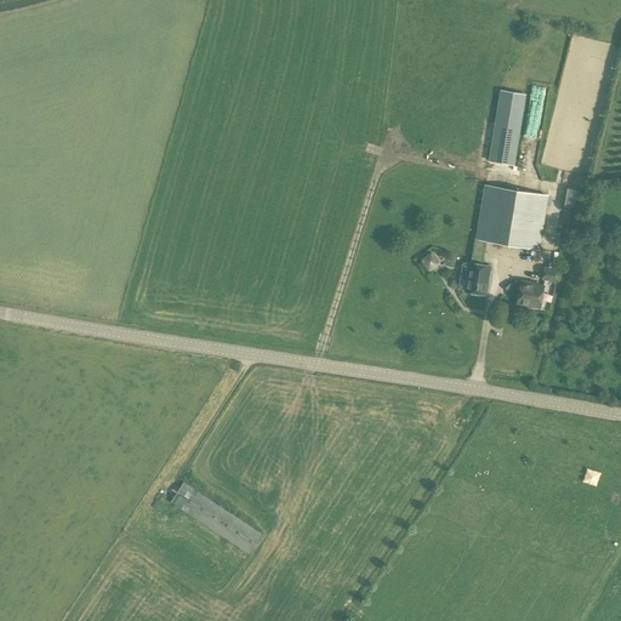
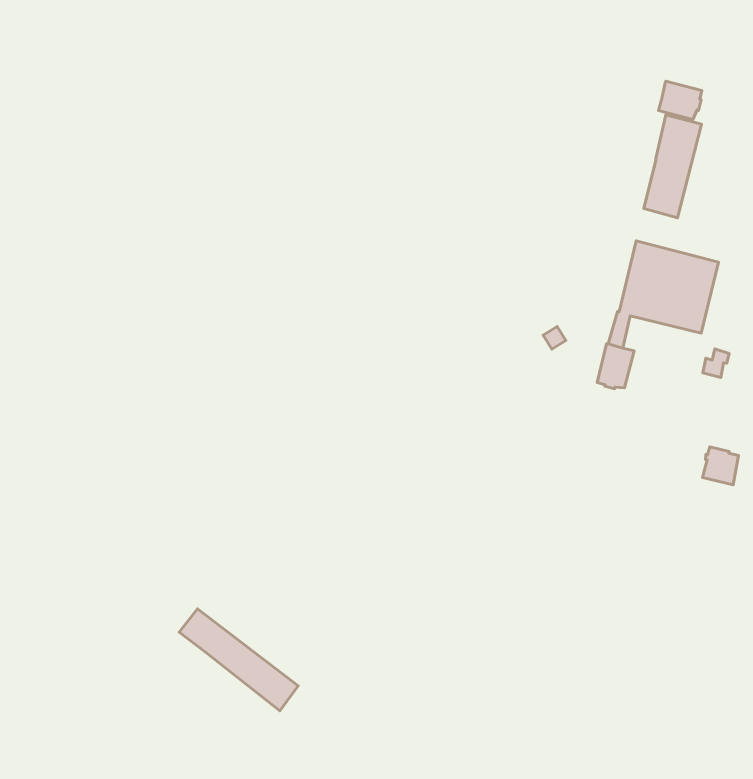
building: none -> [658,81,702,119]
building: [515,280,541,307] -> [702,447,739,485]

